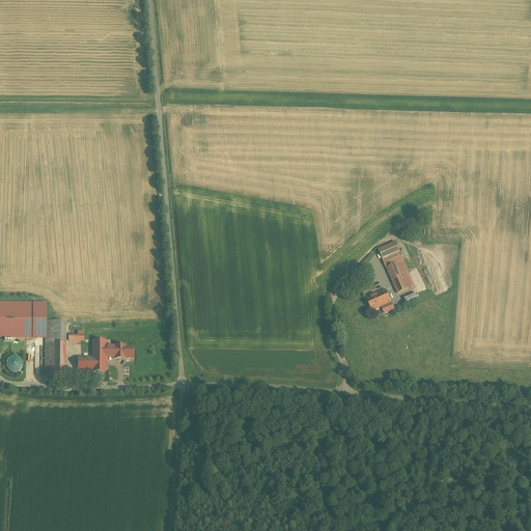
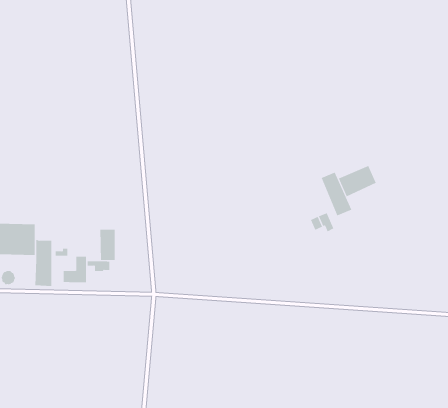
building: none -> [338,165,376,197]
building: none -> [100,229,115,261]

